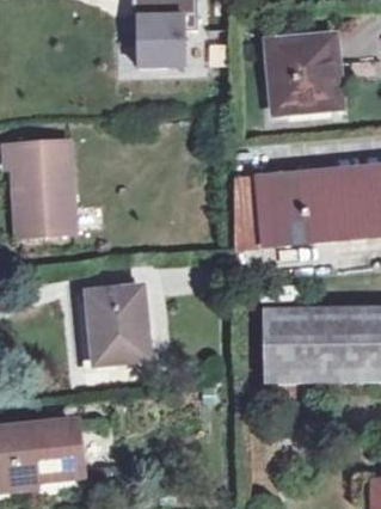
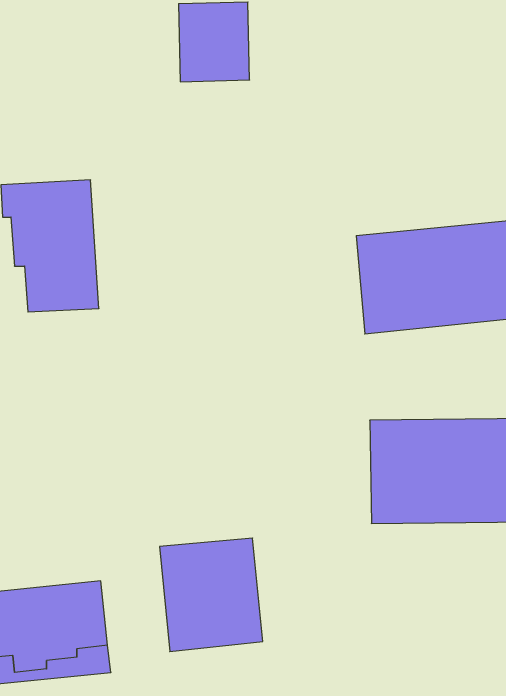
building: [270,38,342,115] -> none
building: [234,177,263,249] -> none
building: [80,287,153,367] -> [160,538,263,652]

